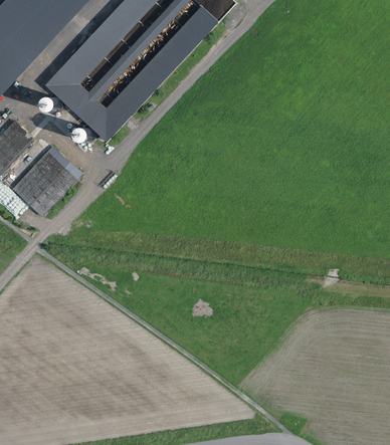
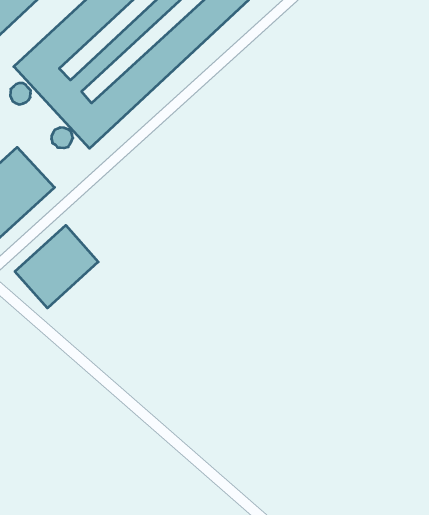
building: none -> [15,225,98,308]

